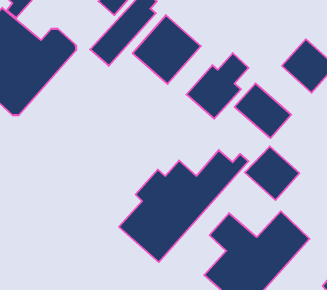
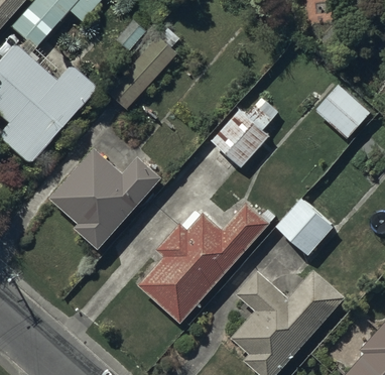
building: [133,15,201,84] -> none
building: [235,83,291,138] -> none
building: none -> [49,147,163,251]

